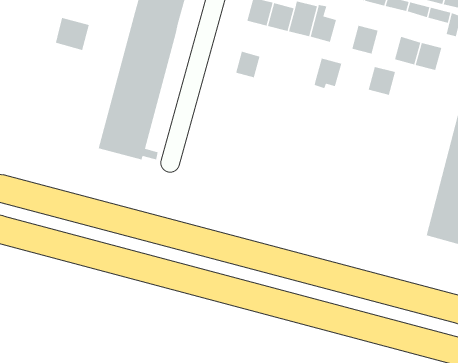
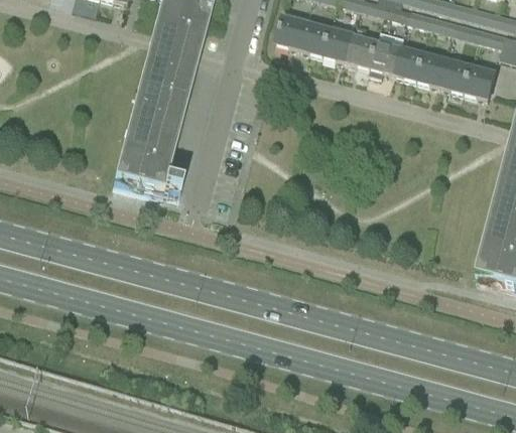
building: [55,17,89,51] -> none
building: [236,51,260,78] -> none
building: [314,58,342,89] -> [371,40,402,75]
building: [368,66,396,95] -> [418,52,449,85]

